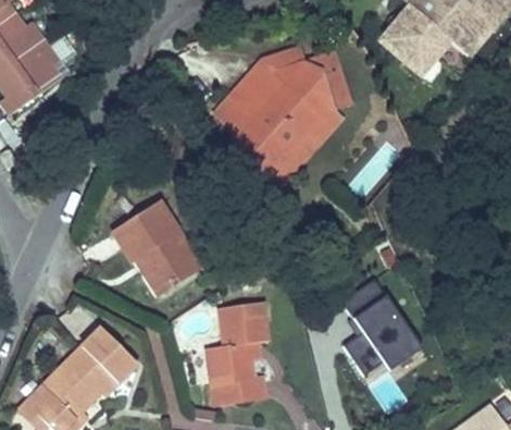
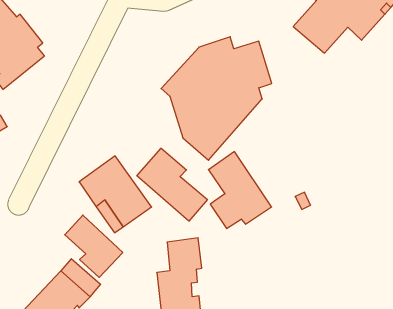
building: none -> [137,148,207,221]
building: none -> [65,215,123,277]
building: [342,278,422,374] -> [208,152,272,229]

